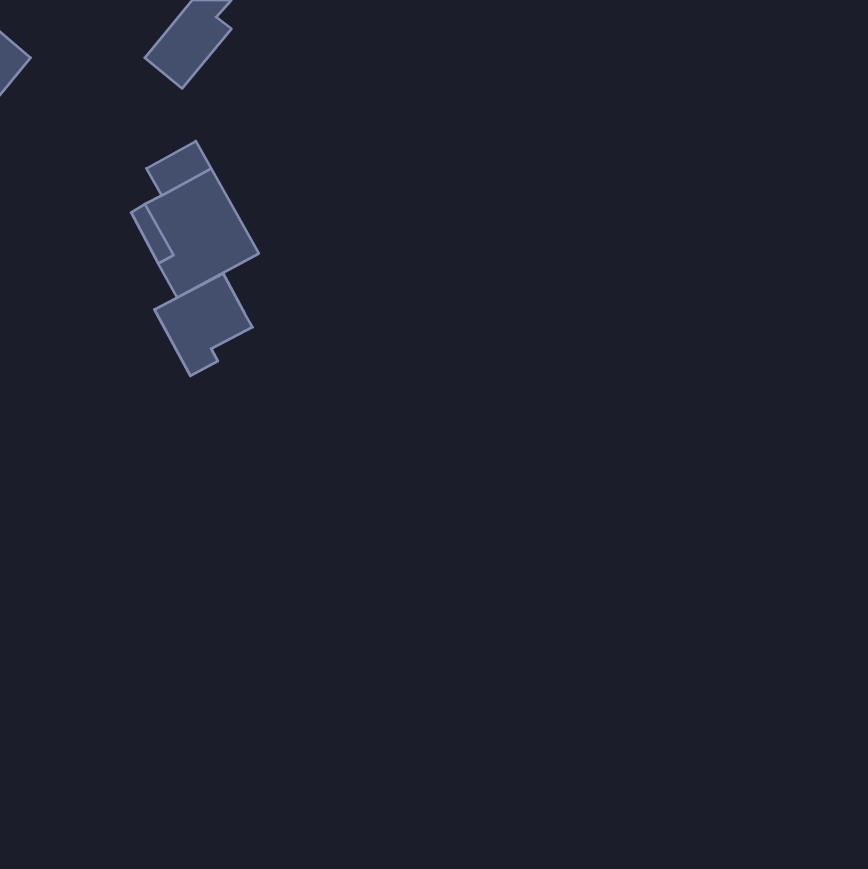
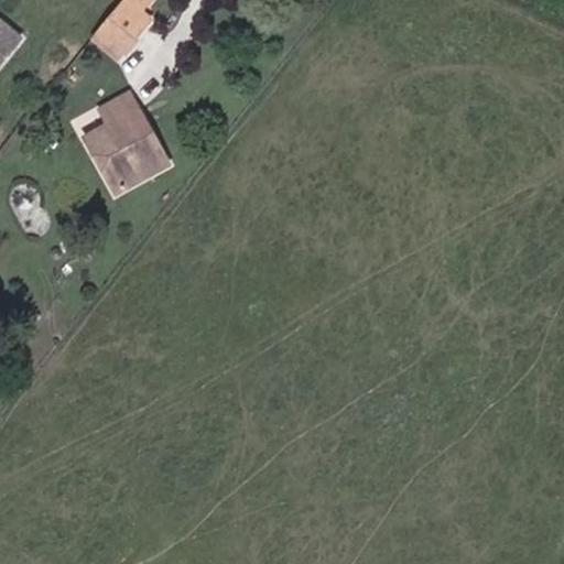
building: [154,273,253,376] -> none

